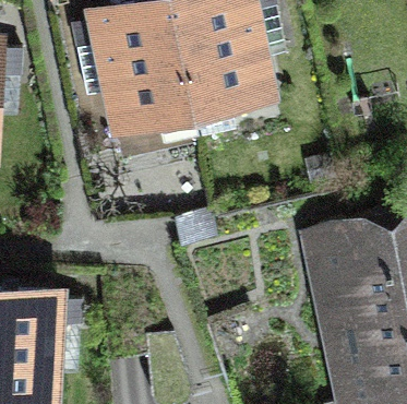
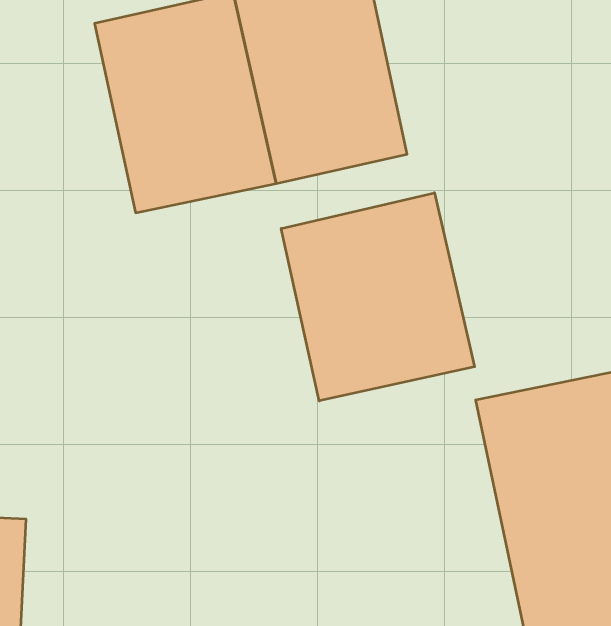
building: none -> [281,193,475,401]

